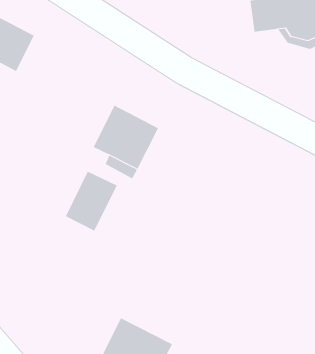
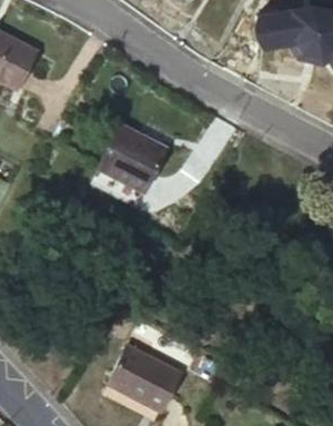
building: [65,171,118,231] -> none

